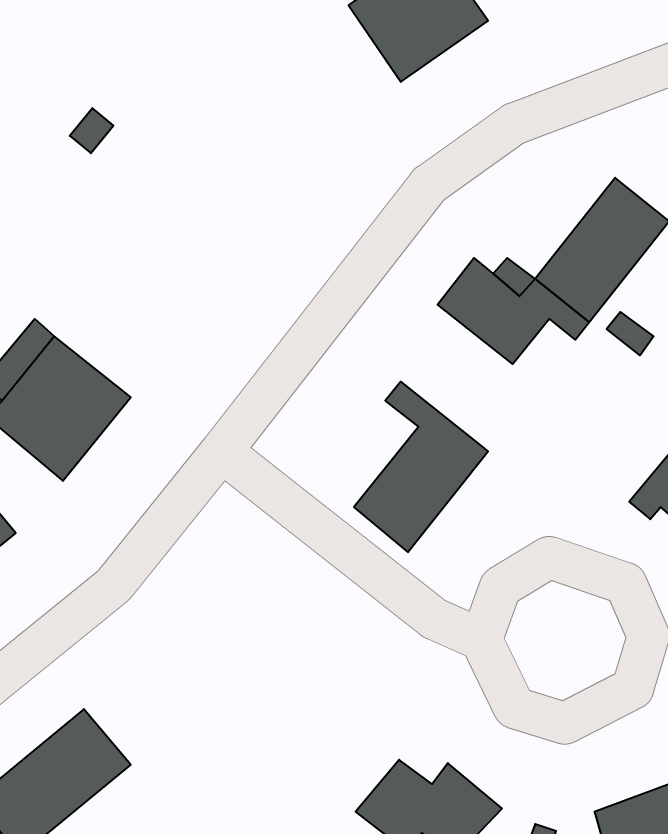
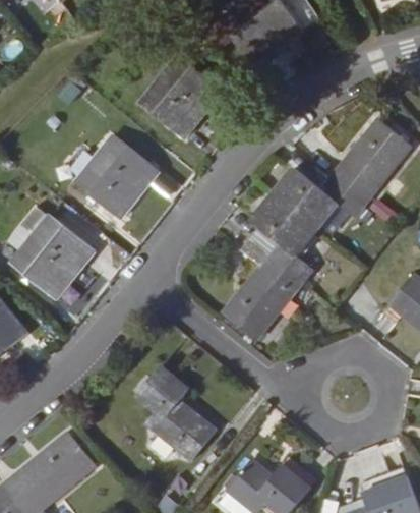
building: none -> [138,55,221,137]
building: none -> [74,133,158,218]
building: none -> [251,195,316,281]
building: none -> [134,366,216,462]

